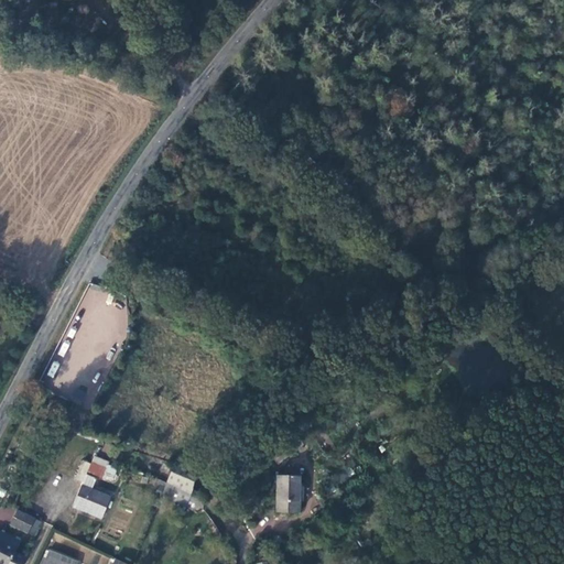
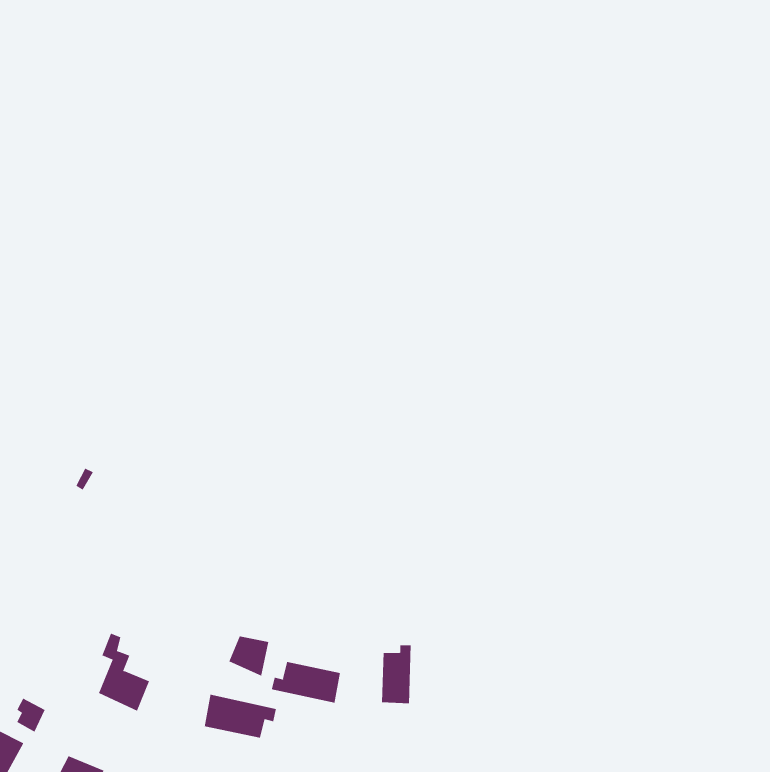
building: none -> [271,661,341,704]
building: none -> [204,694,277,739]

